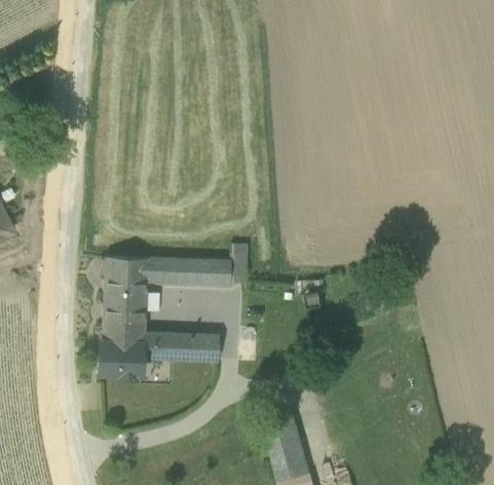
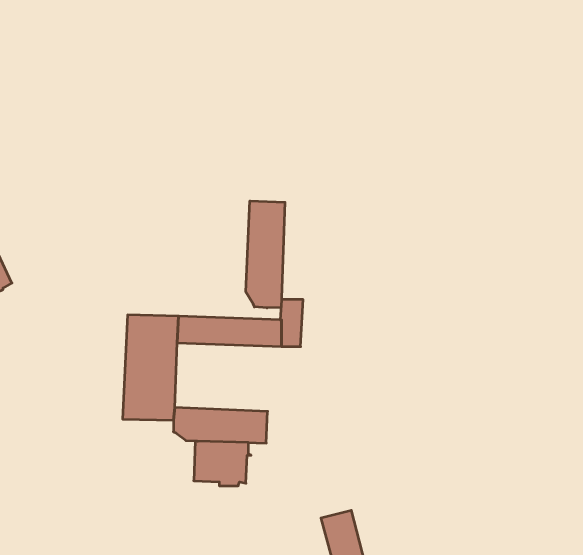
building: none -> [246,201,285,308]
building: [100,341,146,377] -> [194,441,251,486]

